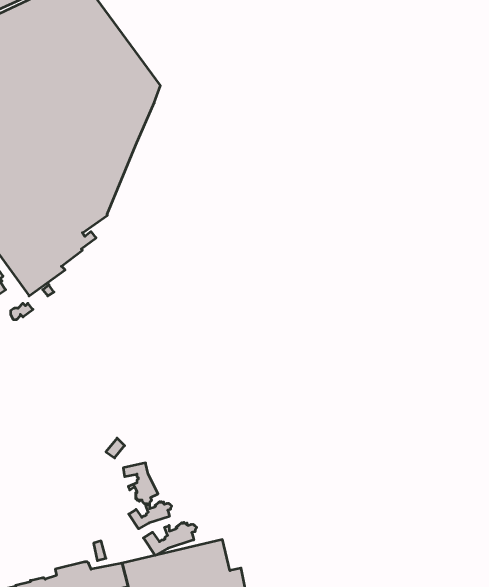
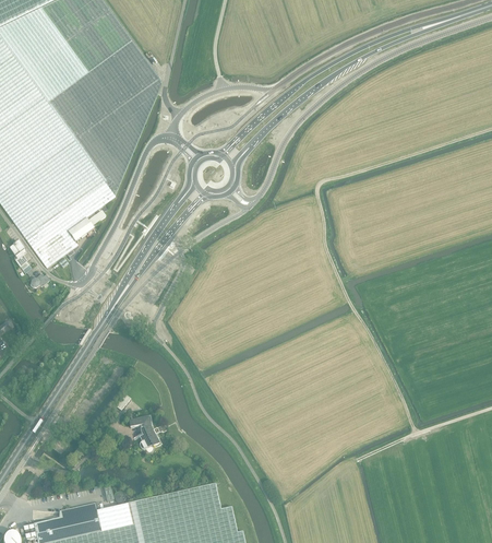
building: [129,502,172,529] -> none
building: [143,522,197,555] -> none

